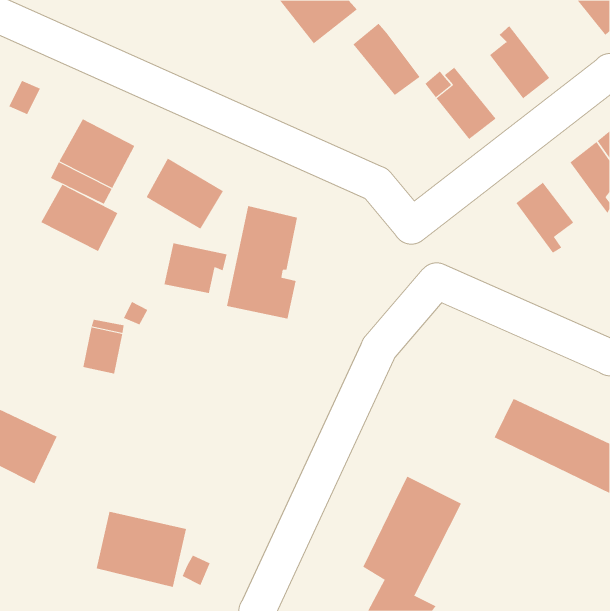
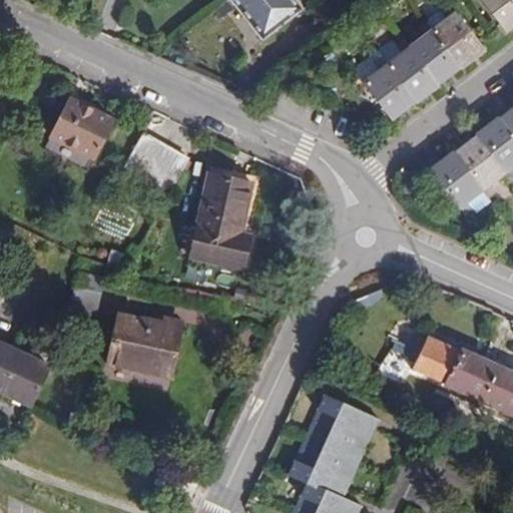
building: none -> [426,5,484,65]
building: [352,23,421,96] -> [381,38,438,99]
building: none -> [455,136,502,195]
building: [40,184,118,252] -> none
building: [164,242,227,294] -> none
building: [96,511,187,588] -> [105,314,181,378]

